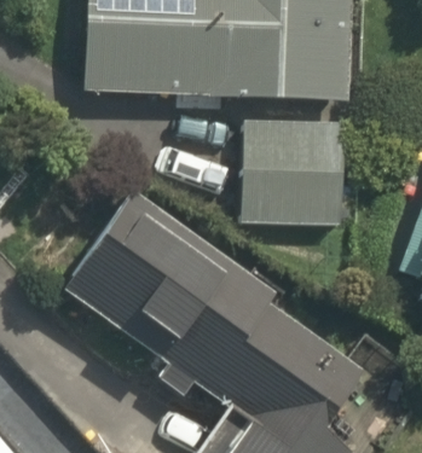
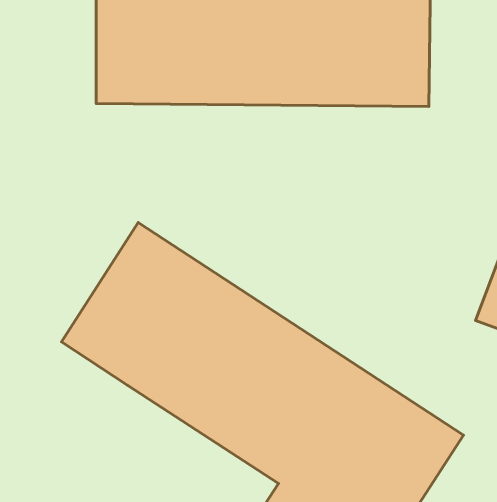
building: [237,116,348,230] -> none

